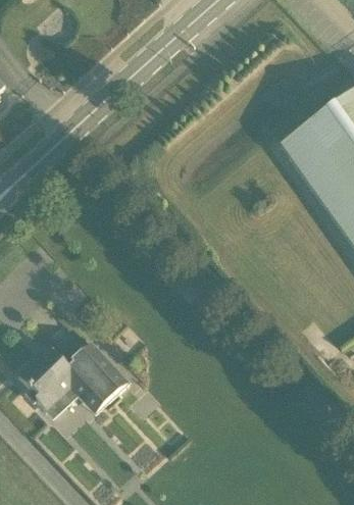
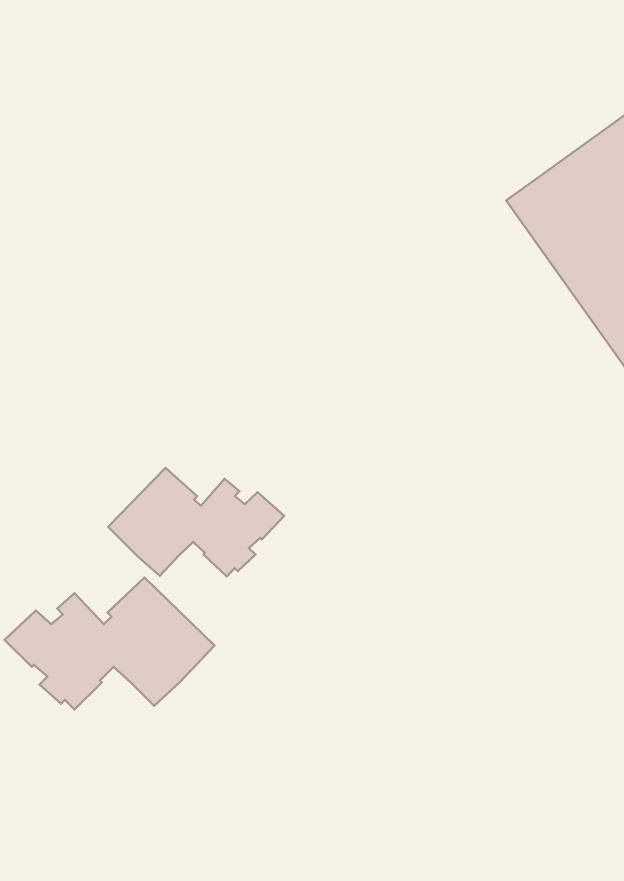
building: none -> [108,468,284,577]

